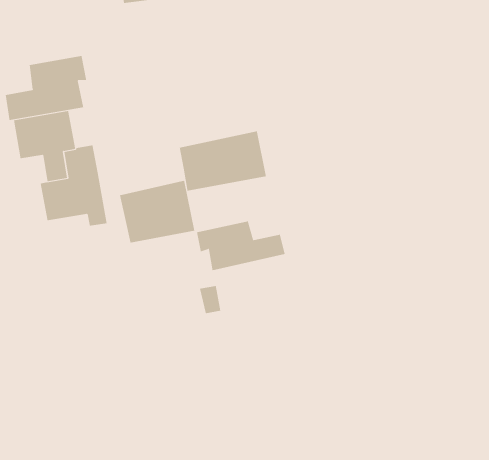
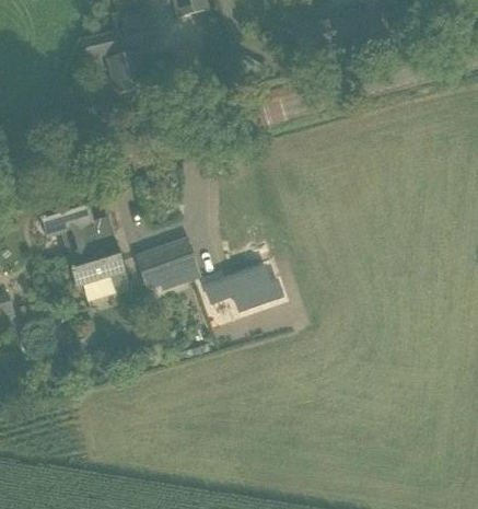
building: [5,55,87,121] -> none
building: [179,130,267,192] -> none

